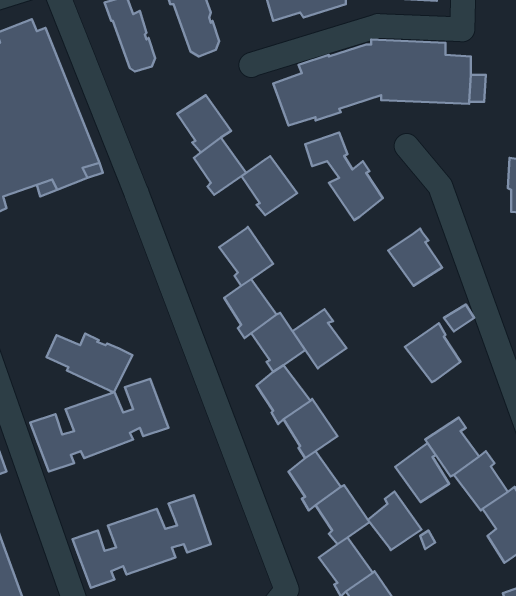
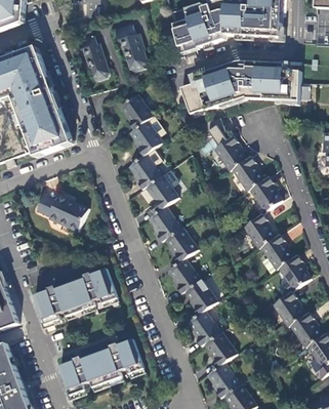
building: [241,156,297,215] -> [129,153,163,189]
building: none -> [232,154,264,191]
building: [293,309,347,368] -> [243,212,276,248]
building: [46,333,133,392] -> [35,194,87,230]
building: [395,443,449,502] -> [278,253,311,289]
building: [368,492,421,550] -> none

